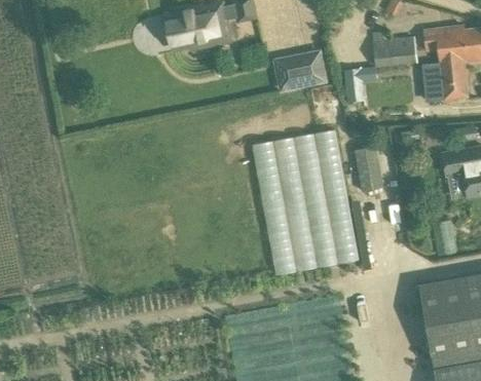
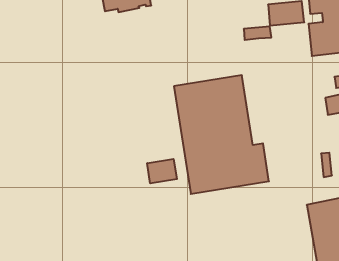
building: [272,51,326,92] -> none
building: [354,148,382,193] -> none
building: none -> [147,159,177,183]

